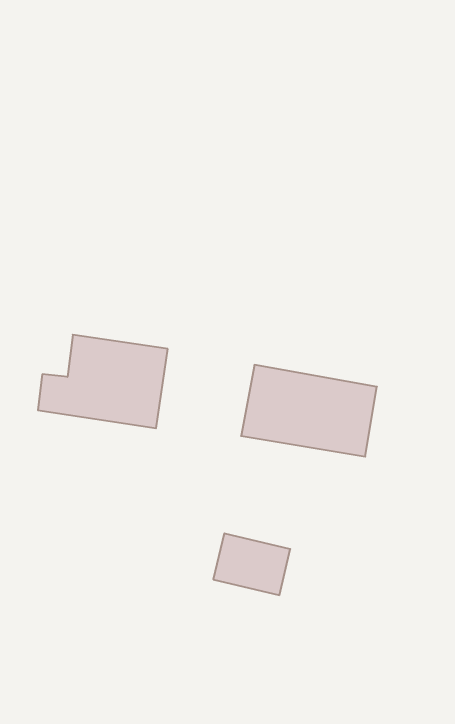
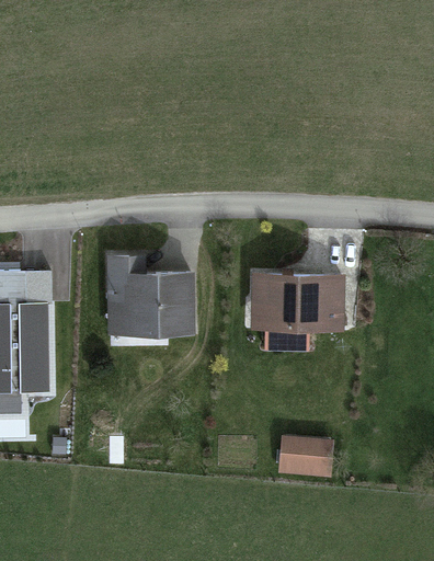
building: [213,533,290,595] -> [281,438,330,474]

